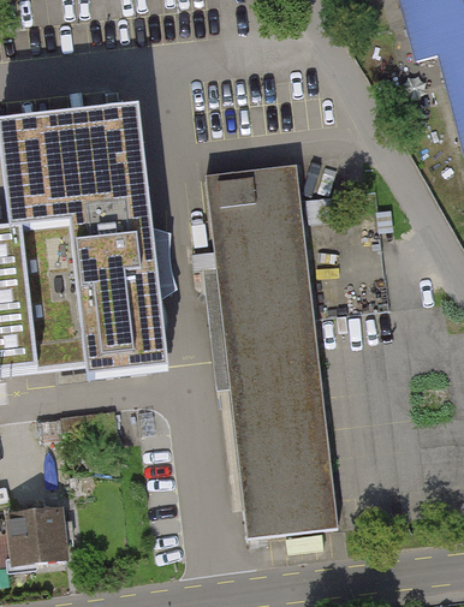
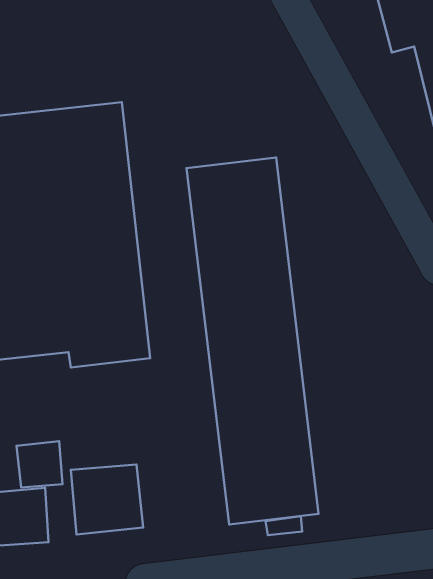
building: none -> [17,441,63,487]
building: none -> [71,464,143,534]

